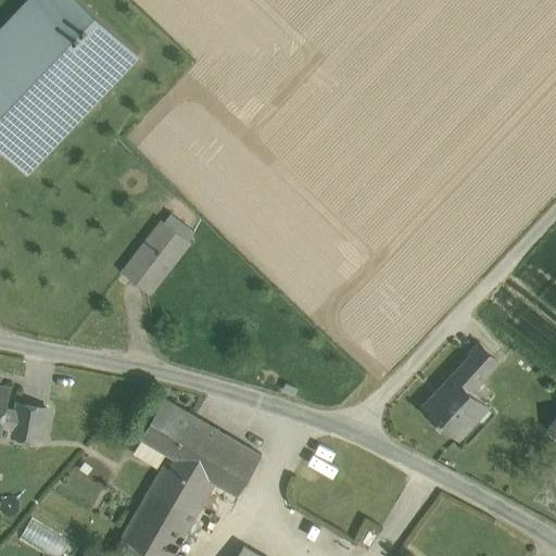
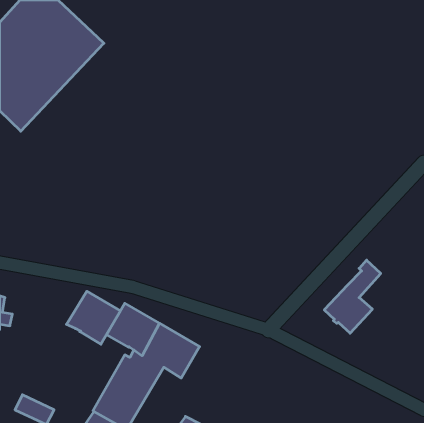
building: [121,223,189,295] -> none
building: none -> [66,291,120,344]
building: [12,404,46,441] -> none

